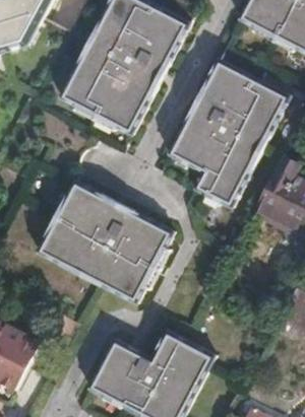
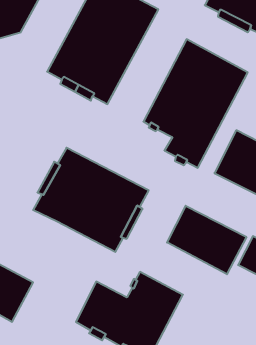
building: none -> [167,206,246,274]

